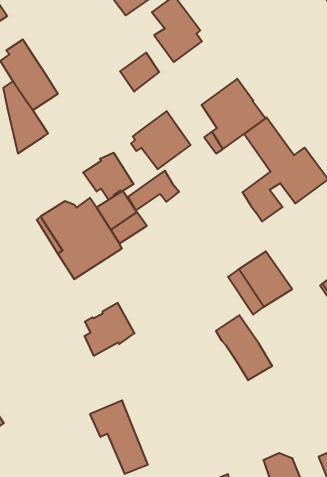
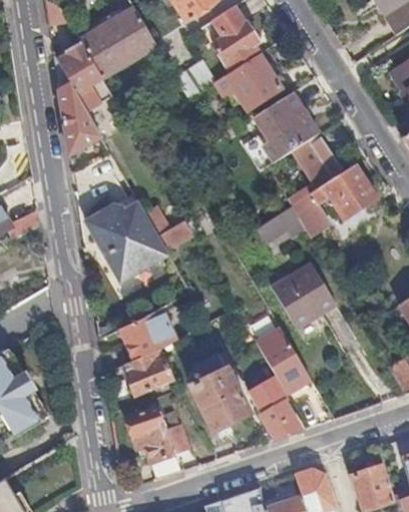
building: none -> [80,9,157,79]
building: [131,111,191,169] -> [222,53,281,110]
building: [83,153,134,200] -> none
building: [128,171,179,210] -> [253,205,304,243]
building: none -> [124,348,171,395]
building: none -> [190,360,250,432]
building: none -> [248,374,302,439]

